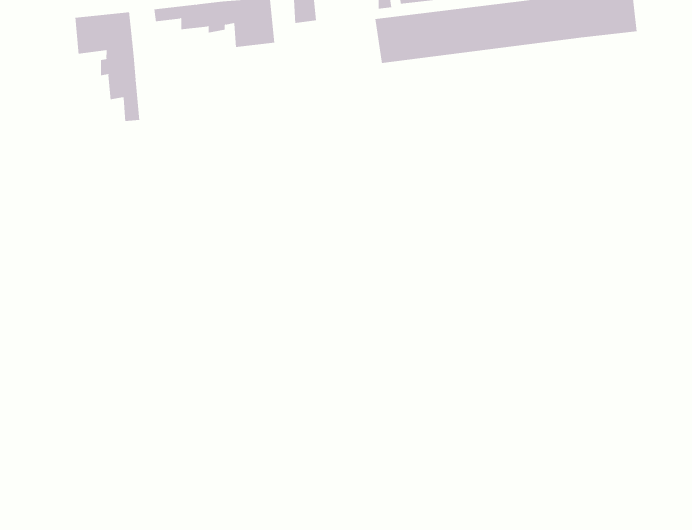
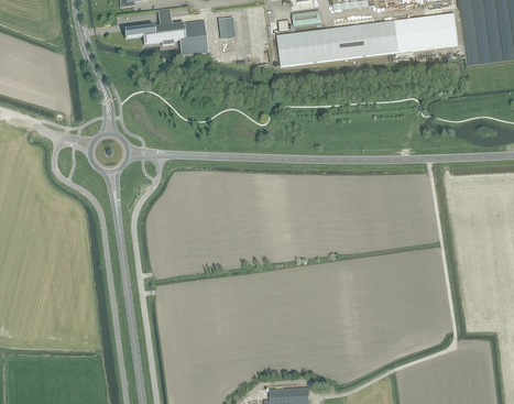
building: [75,11,140,122] -> none

